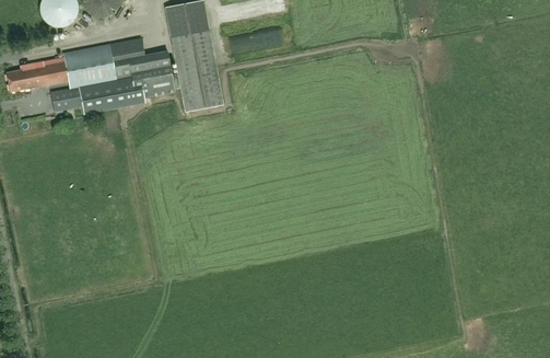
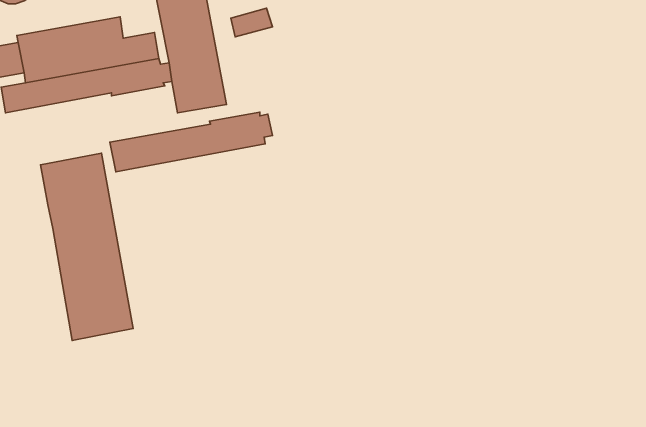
building: none -> [110,112,272,172]
building: none -> [40,153,133,340]

